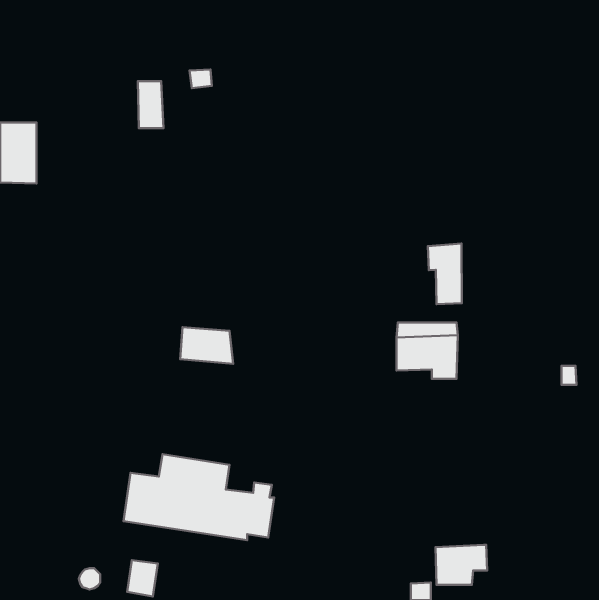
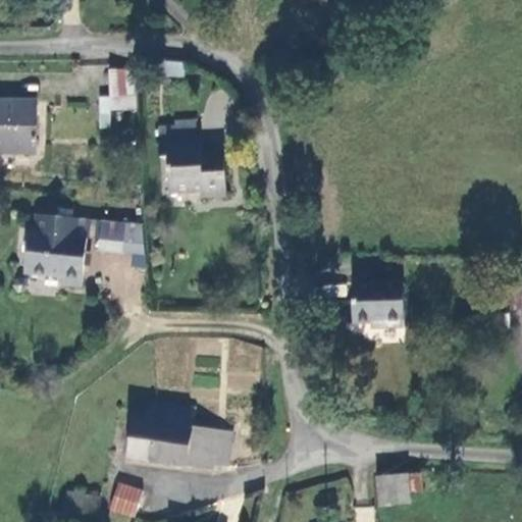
building: none -> [162,139,223,194]
building: [428,244,462,304] -> none
building: none -> [22,222,84,292]
building: [180,327,233,364] -> [96,227,142,259]

